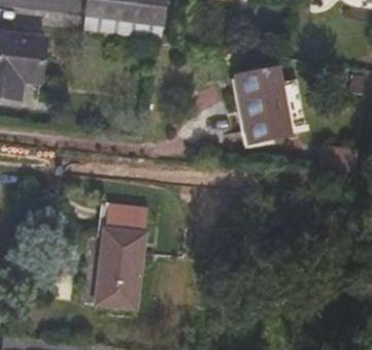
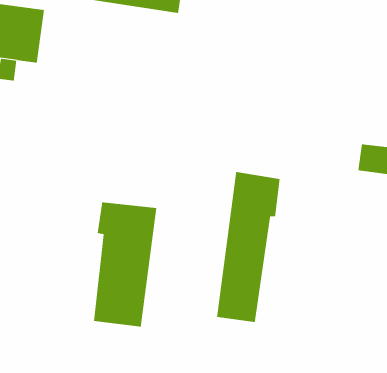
building: [237,71,288,140] -> none
building: none -> [217,171,280,323]

